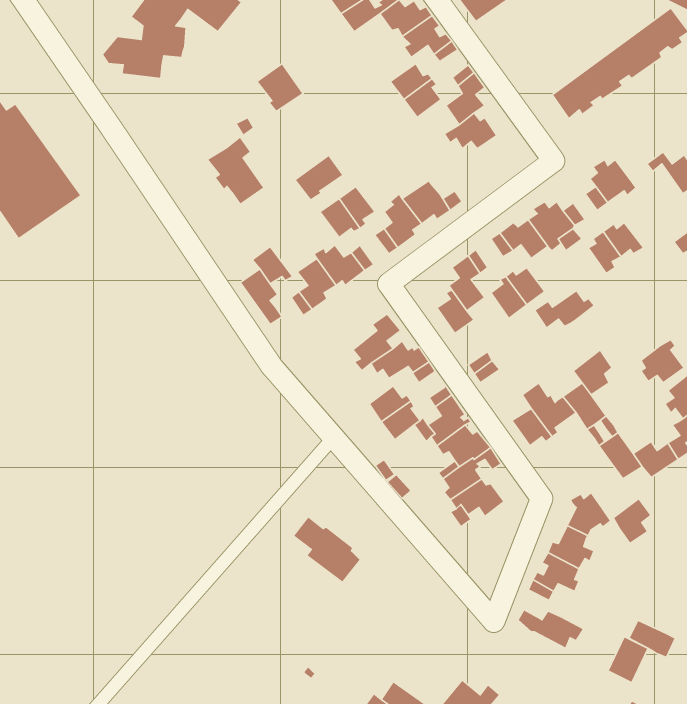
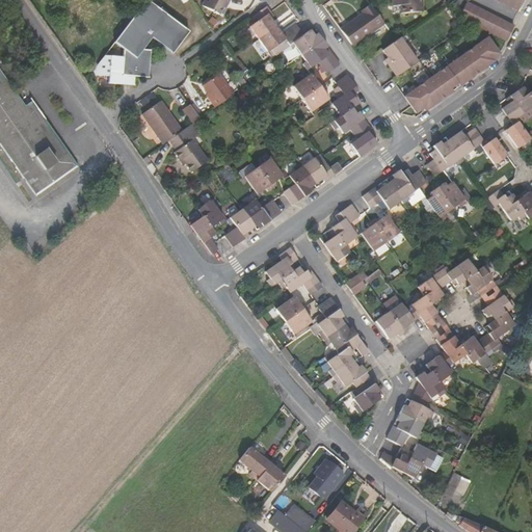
building: none -> [383,35,418,75]
building: none -> [140,101,180,143]
building: none -> [350,123,377,156]
building: none -> [449,125,482,156]
building: [295,155,343,200] -> none
building: [535,291,595,328] -> [438,258,480,284]
building: [613,498,651,543] -> [428,349,454,380]
building: none -> [355,376,382,413]
building: [293,516,361,582] -> [240,444,287,489]
building: none -> [312,457,346,495]
building: [629,620,675,658] -> [411,444,444,470]

